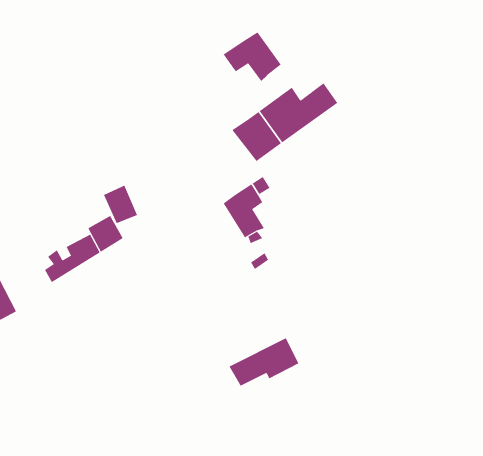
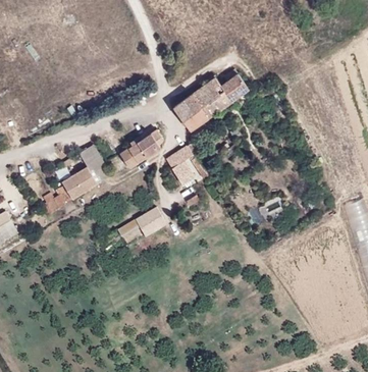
building: [223,32,281,82] -> none
building: none -> [119,132,160,166]
building: [229,338,299,387] -> [118,207,168,242]

